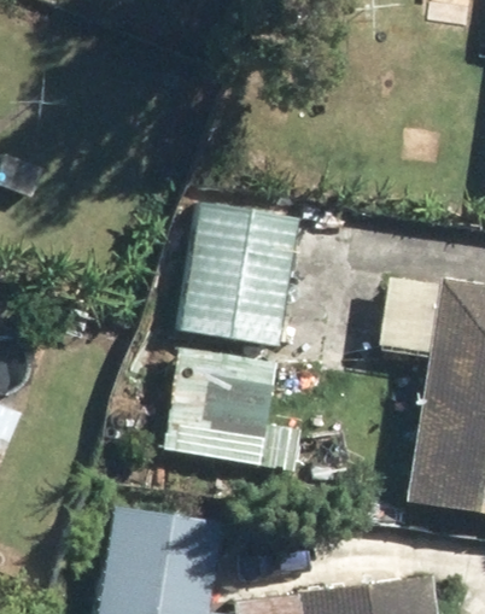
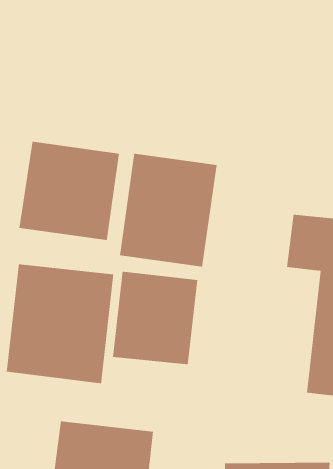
building: none -> [19,141,120,241]
building: none -> [6,263,114,384]

